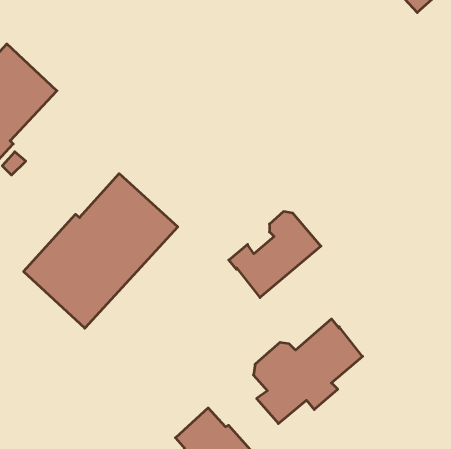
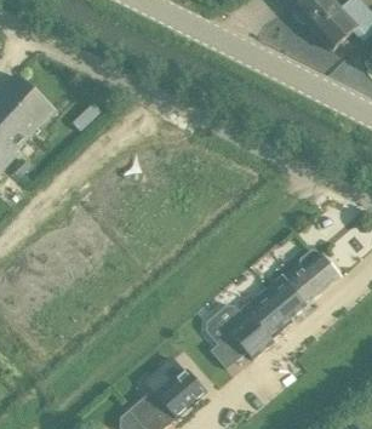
building: [24,174,178,328] -> none
building: [229,212,321,298] -> [267,250,338,316]

